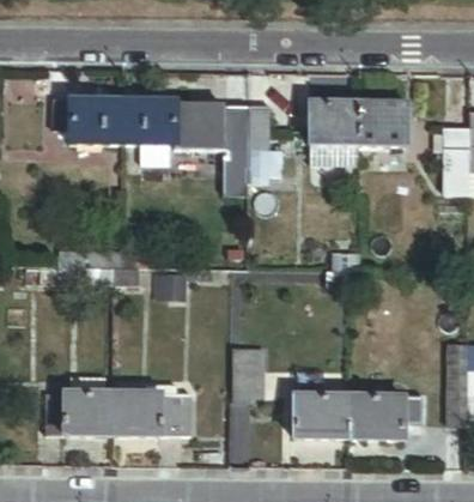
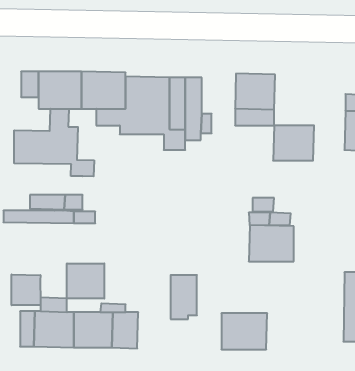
building: [358,101,408,144] -> [273,125,314,161]
building: none -> [14,109,94,176]
building: none -> [67,263,104,299]
building: none -> [12,274,41,305]
building: [348,393,403,437] -> [249,225,294,261]

